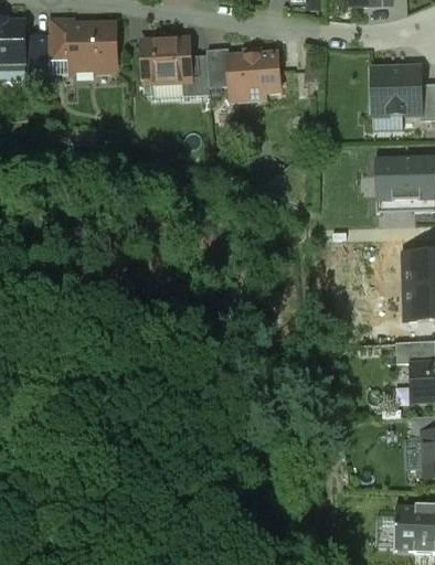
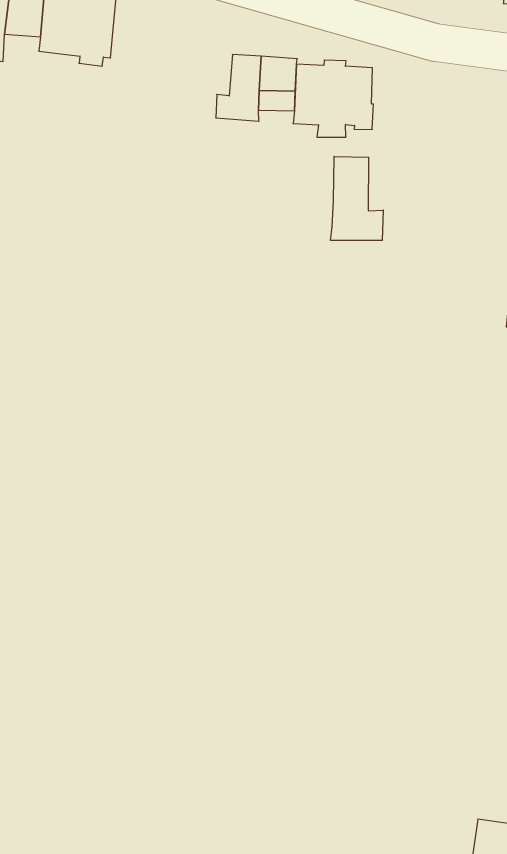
building: [142,38,191,83] -> none
building: none -> [331,156,383,240]

